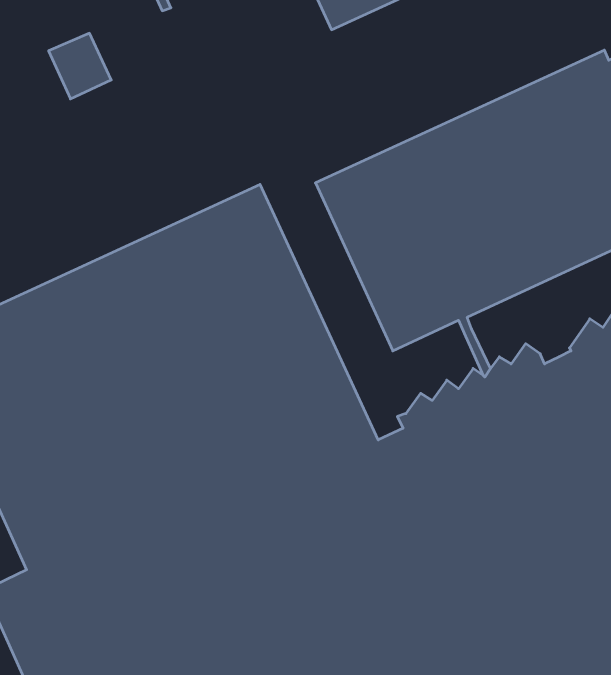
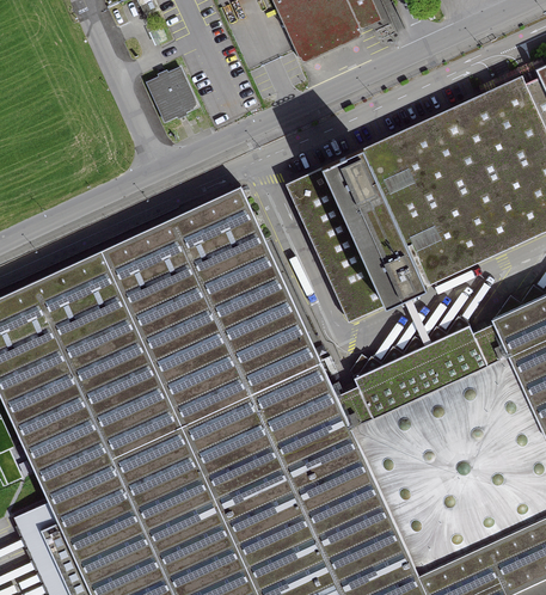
building: [49,33,111,99] -> [147,69,198,123]

